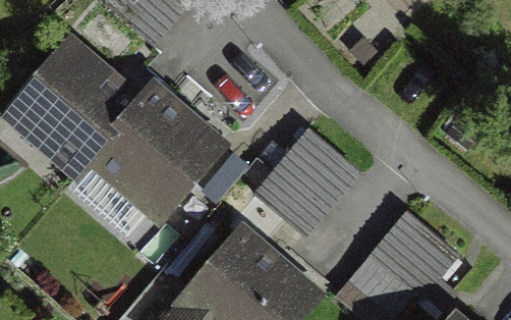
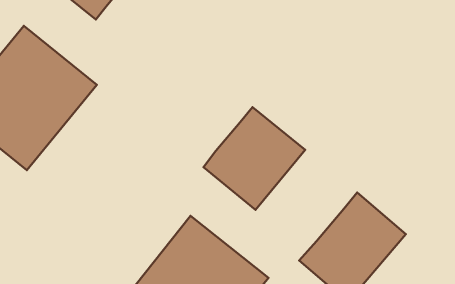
building: [93,83,230,220] -> none

